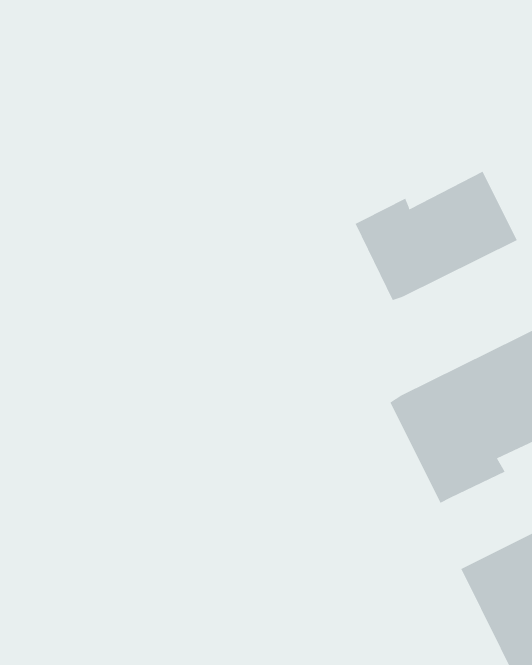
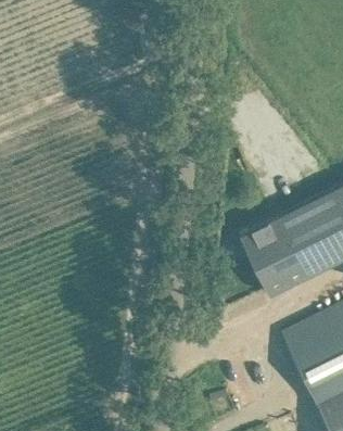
building: [355,171,517,301] -> none

